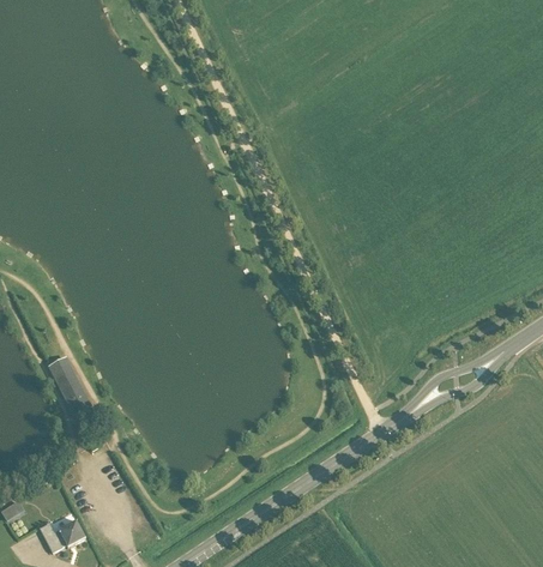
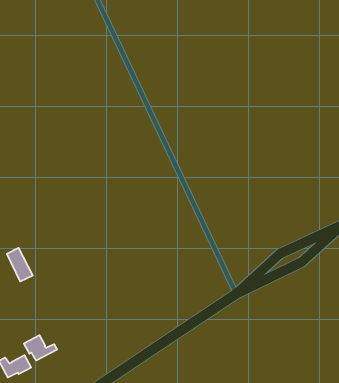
building: none -> [24,335,57,361]

